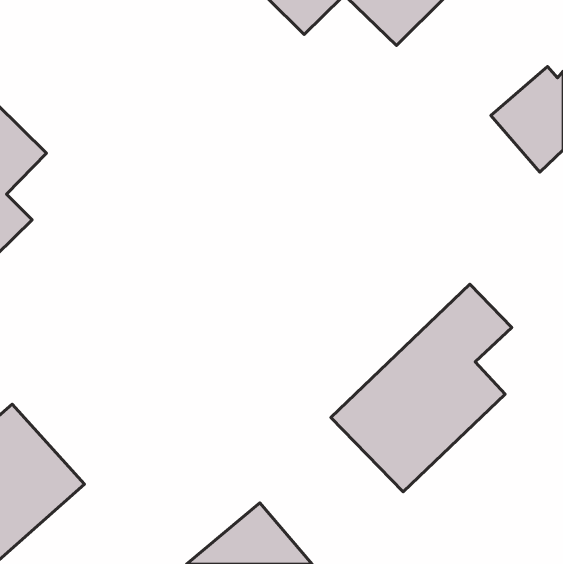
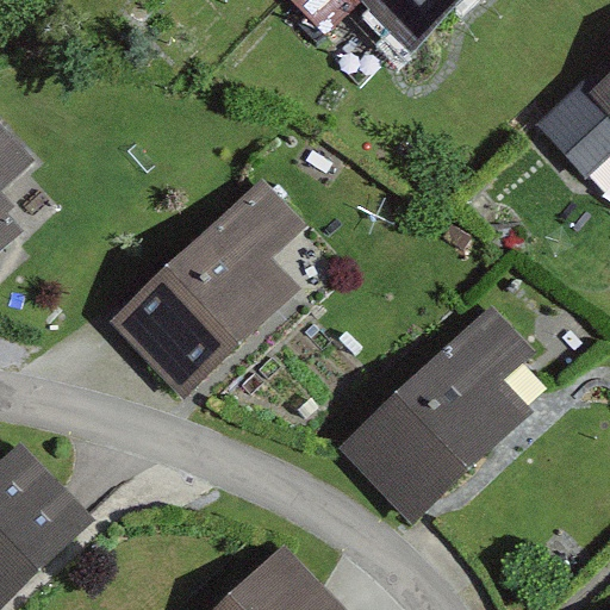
building: none -> [100,175,298,399]

